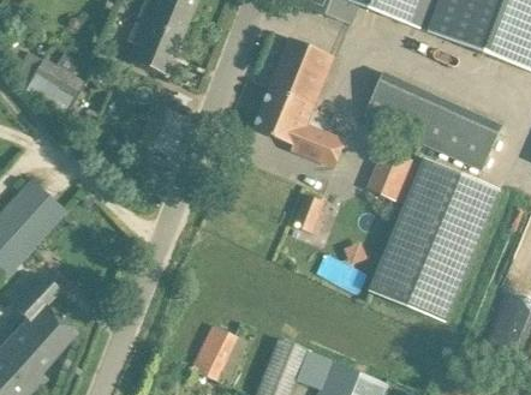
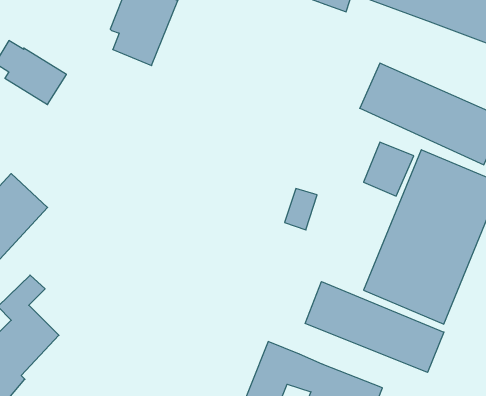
building: [253,37,346,167] -> none
building: none -> [305,282,444,372]
building: [191,324,247,385] -> none

